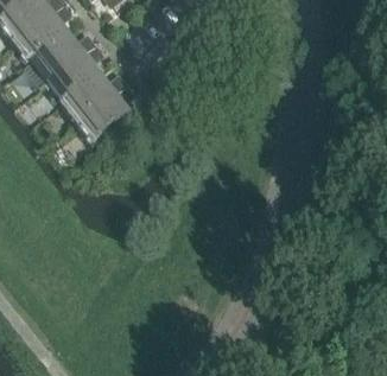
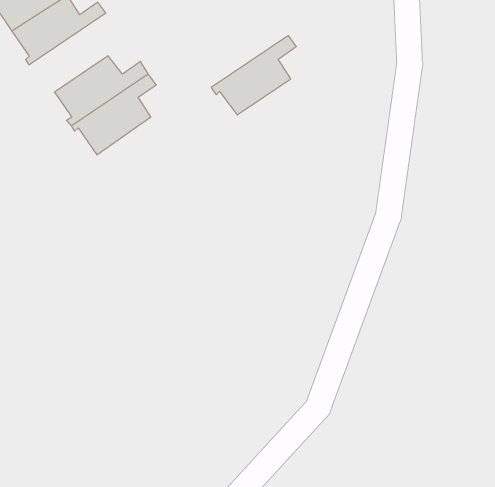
building: [42,39,99,96] -> [211,36,296,115]

